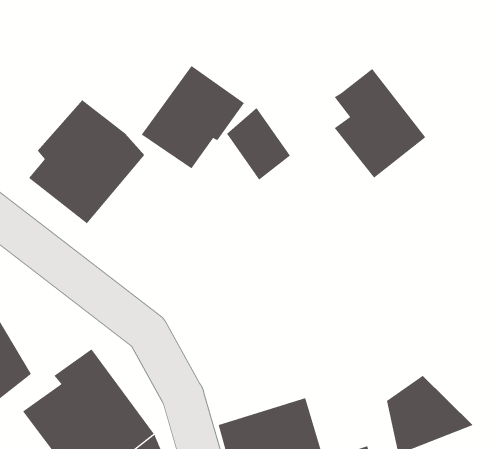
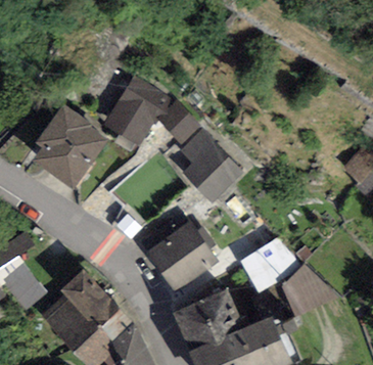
building: [334,68,426,179] -> [179,130,242,202]
building: none -> [145,221,217,291]
building: none -> [239,239,297,293]

